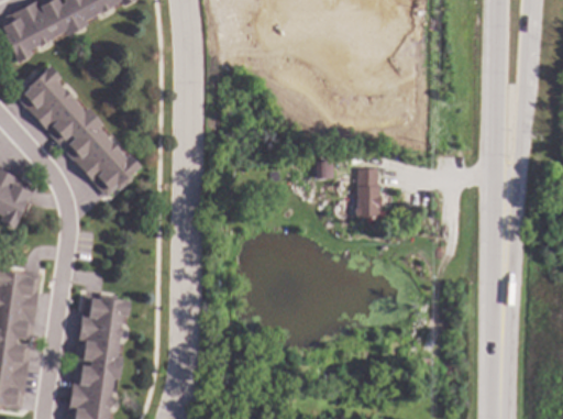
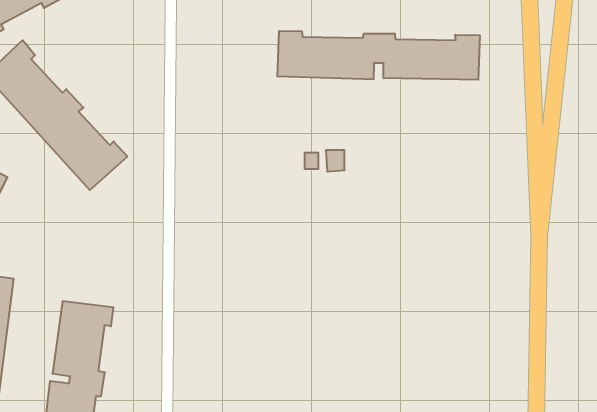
building: none -> [277,31,480,80]
building: [357,168,383,219] -> none

